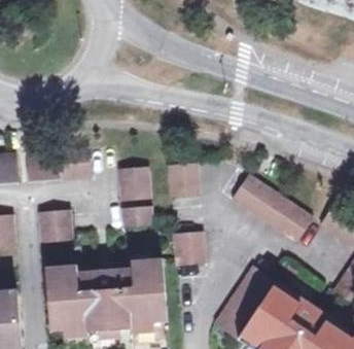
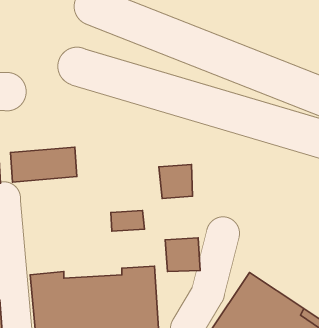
building: [117,167,151,199] -> none
building: [232,173,313,242] -> none
building: [36,210,72,244] -> none

